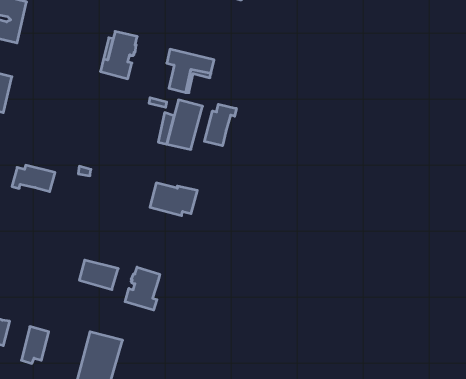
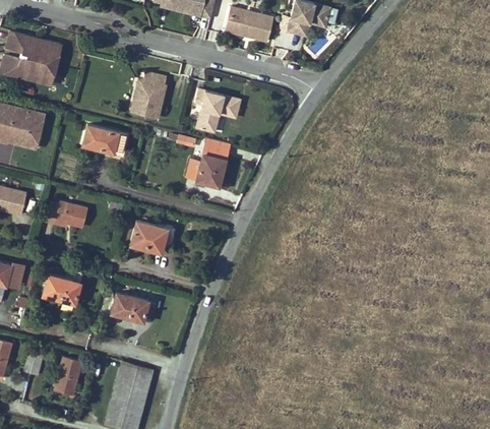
building: none -> [82,126,128,157]
building: [204,104,236,146] -> none
building: [150,183,197,216] -> [130,221,176,252]
building: none -> [43,275,79,303]
building: [125,267,160,310] -> none

